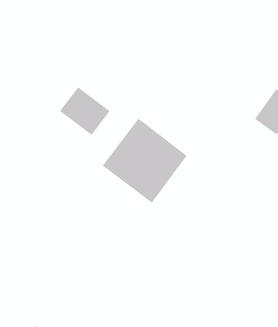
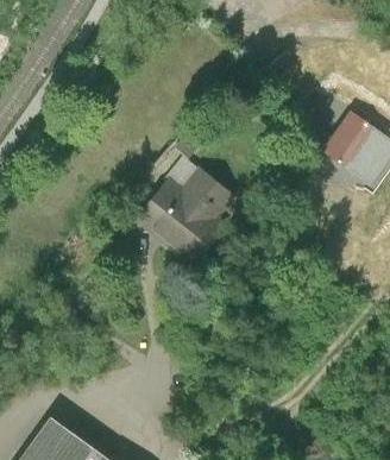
building: [59,86,111,136] -> none

